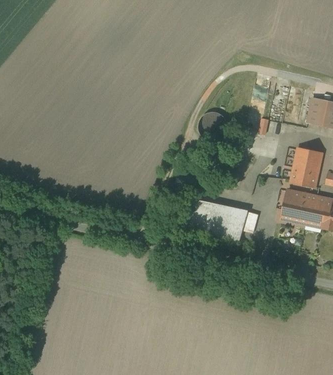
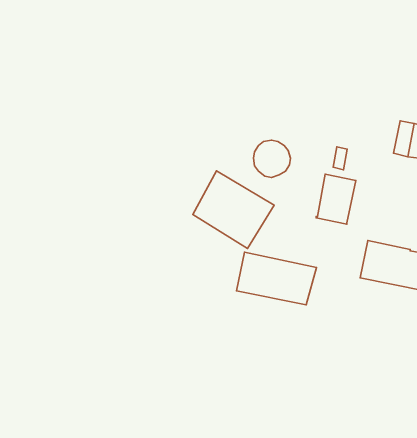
building: none -> [193,171,274,248]
building: [292,147,323,186] -> [316,174,356,224]

